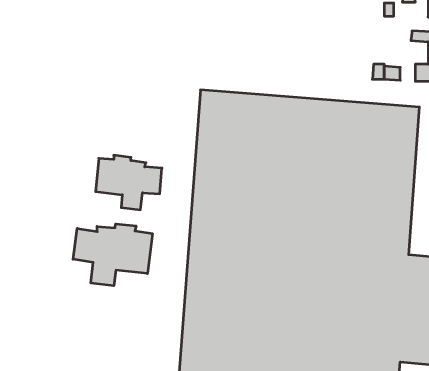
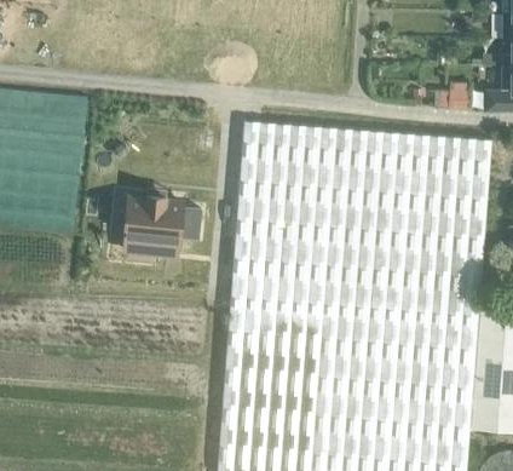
building: [73,224,152,286] -> none

